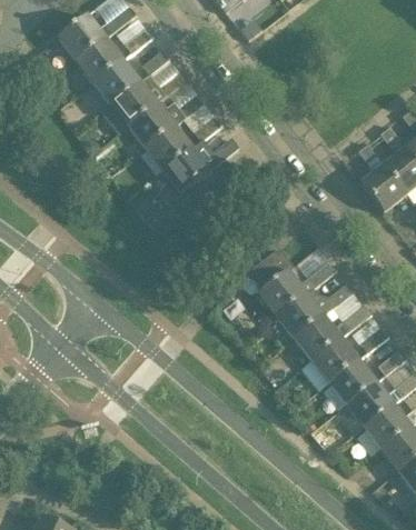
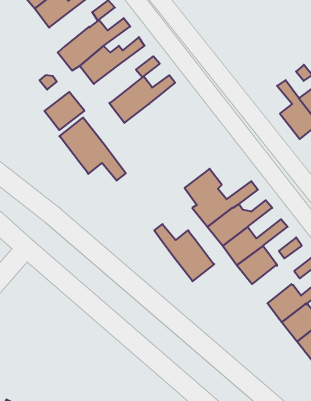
building: [92,60,139,104] -> none
building: [145,126,191,170] -> [44,92,84,130]
building: none -> [59,118,126,181]
building: none -> [154,224,214,281]
building: [329,359,377,403] -> none

